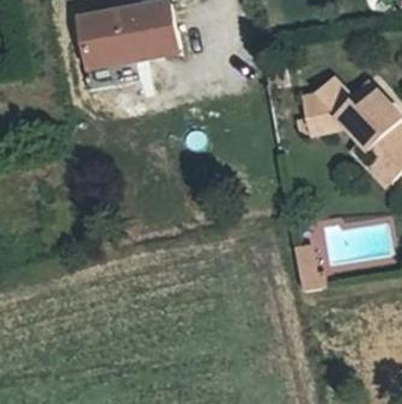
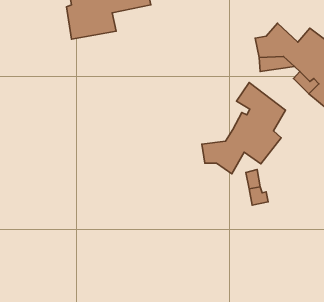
building: none -> [202,82,285,174]

